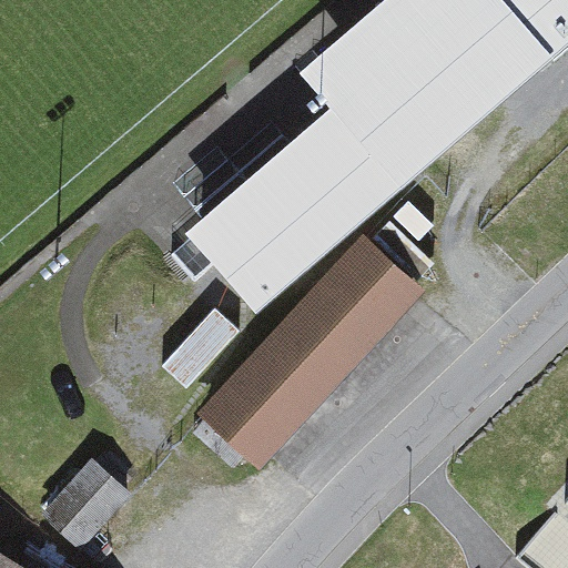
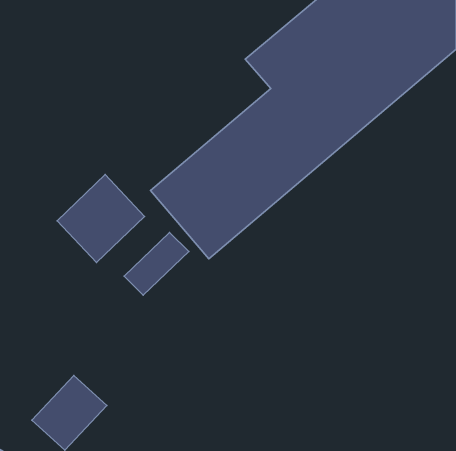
building: none -> [57,175,145,263]
building: [199,232,425,467] -> none

